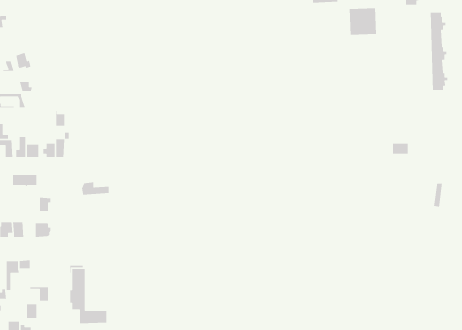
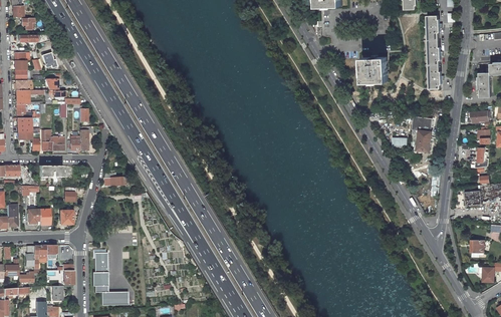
building: [349,7,377,36] -> [361,56,388,82]
building: none -> [412,116,432,151]

